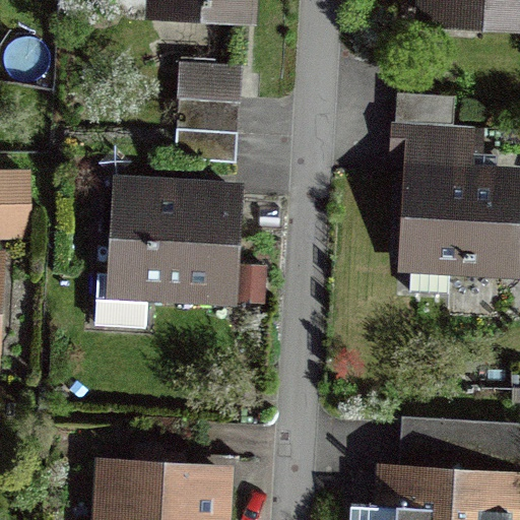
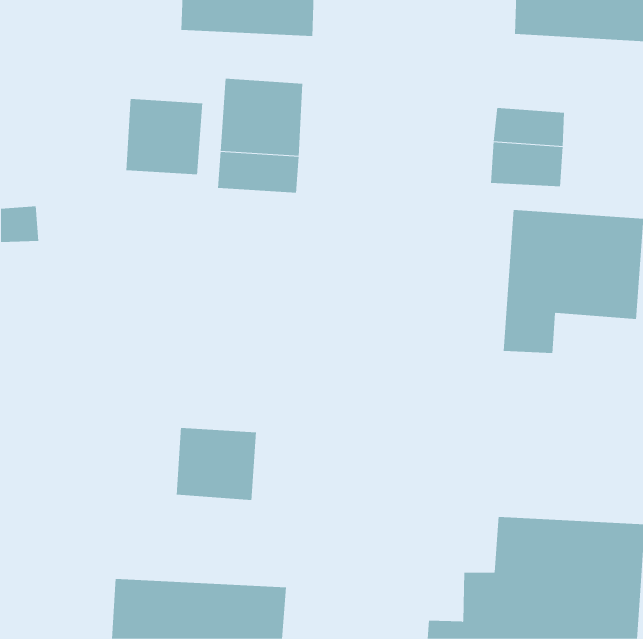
building: none -> [126,98,203,175]
building: [108,182,241,310] -> none
building: none -> [176,427,256,501]

